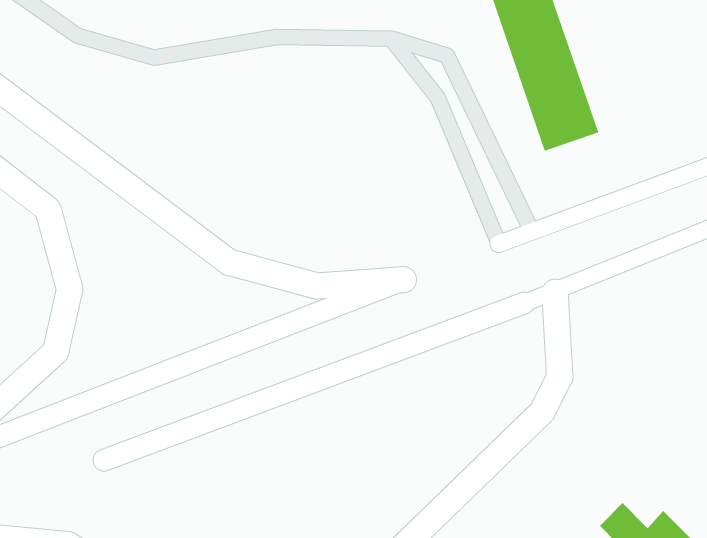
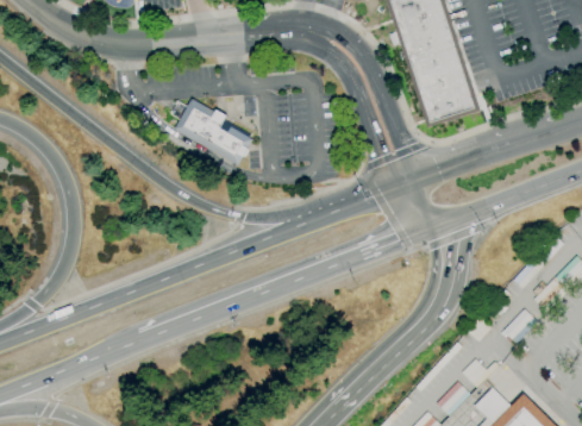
building: none -> [174,99,252,167]

